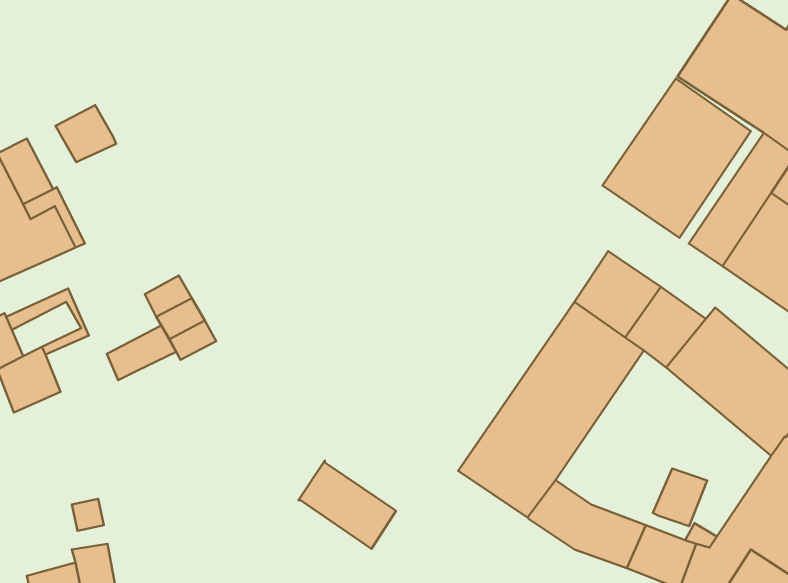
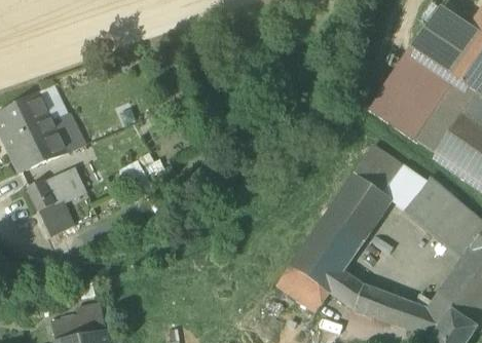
building: [55,105,116,162] -> none
building: [107,326,176,380] -> [45,174,83,203]
building: [298,461,396,549] -> [275,265,329,313]
building: [653,469,707,526] -> none

